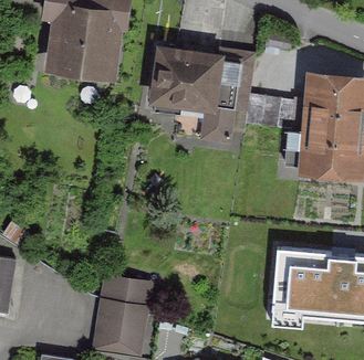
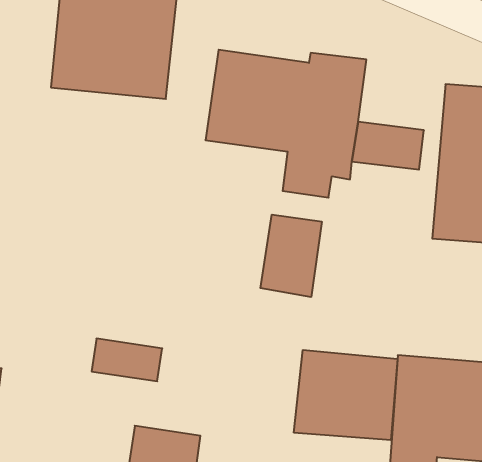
building: none -> [260,215,322,297]
building: none -> [294,350,397,440]
building: [100,276,147,305] -> [92,339,162,381]

